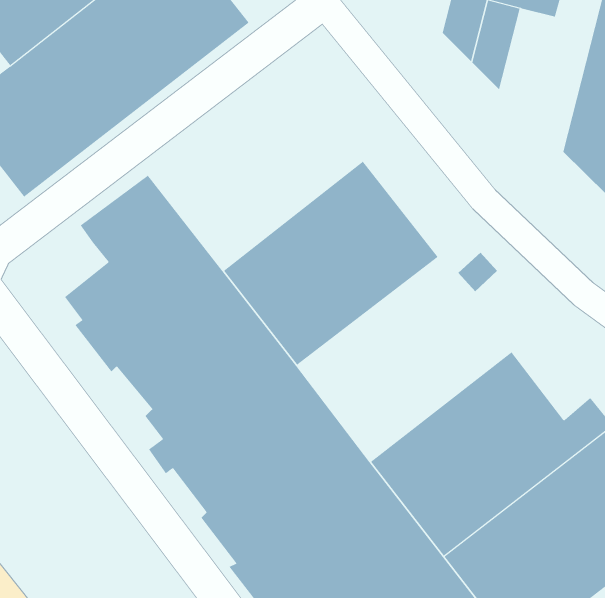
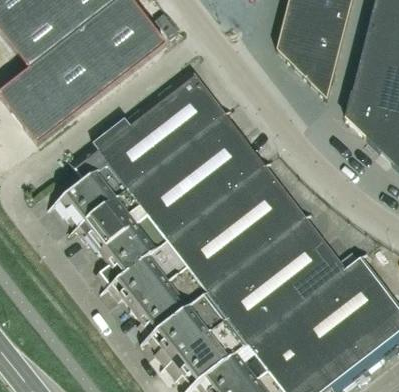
building: none -> [310,35,342,99]
building: none -> [109,67,232,185]
building: none -> [194,177,317,294]

